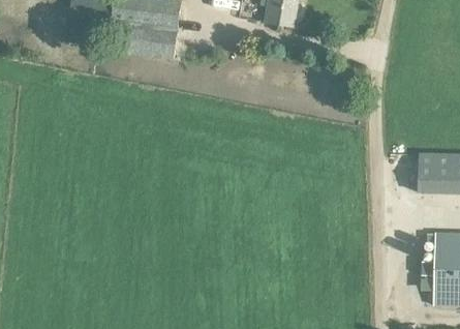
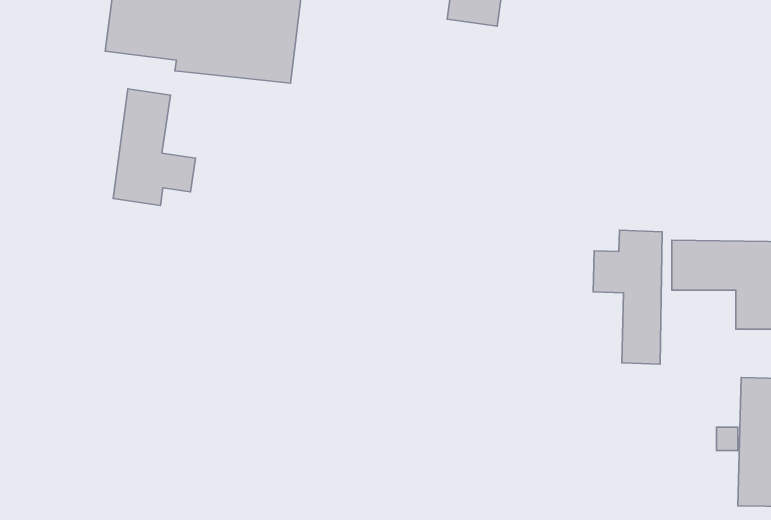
building: none -> [113,89,195,206]
building: none -> [593,230,662,364]

